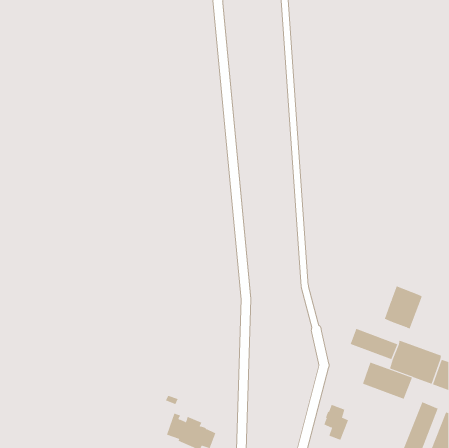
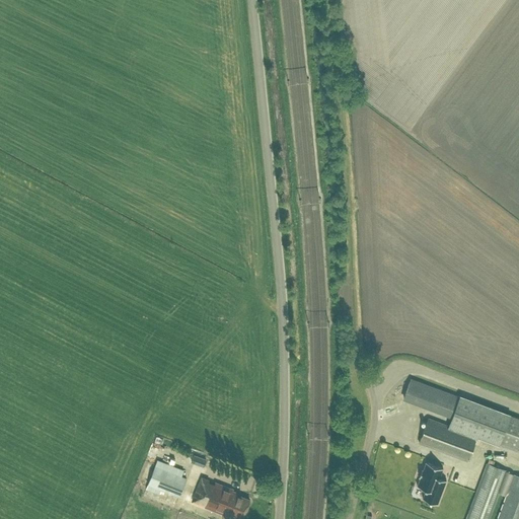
building: [384,286,422,330] -> none
building: none -> [148,462,186,498]
building: [323,404,349,440] -> [417,463,446,505]

